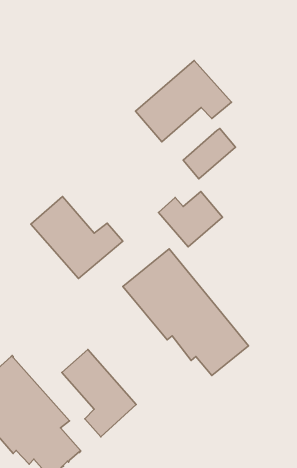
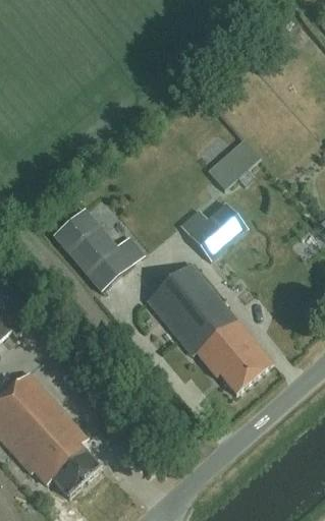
building: [136,61,231,142] -> none
building: [62,350,136,437] -> none

